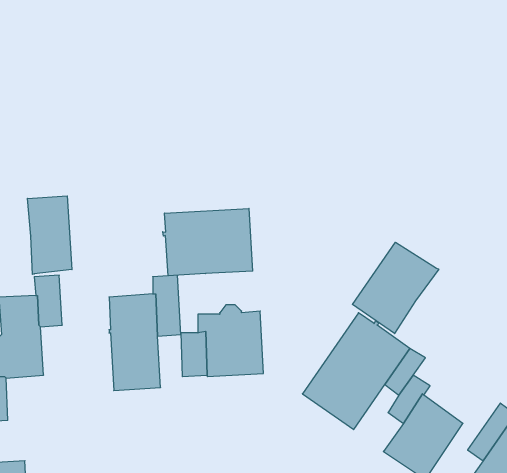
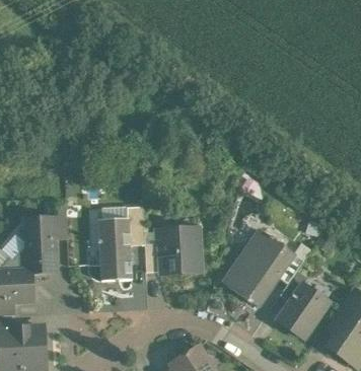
building: [27,196,72,274] -> none
building: [163,208,253,276] -> none
building: [352,242,439,334] -> none

